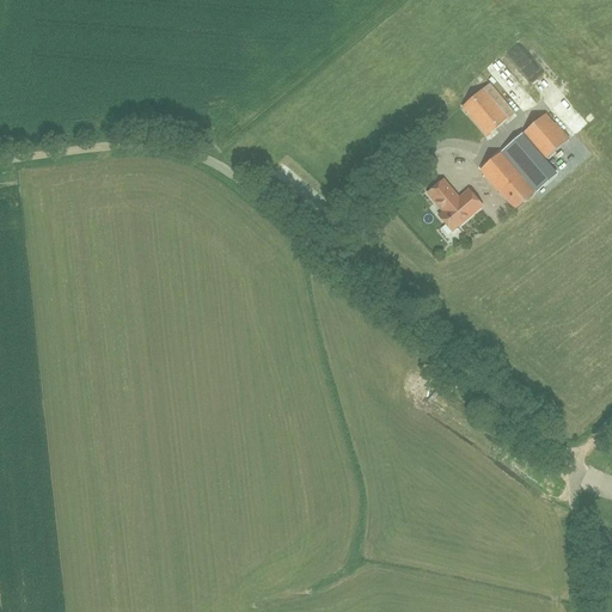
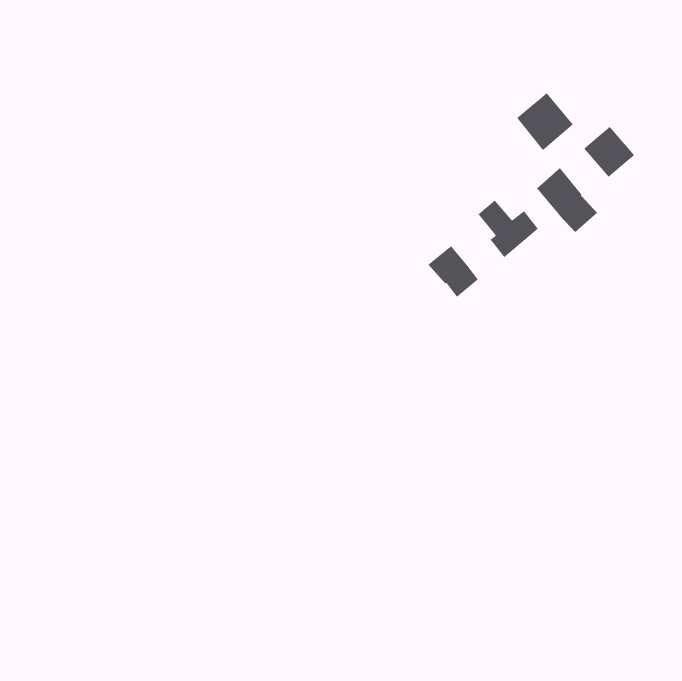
building: [506,133,555,185] -> none
building: none -> [428,245,479,298]

